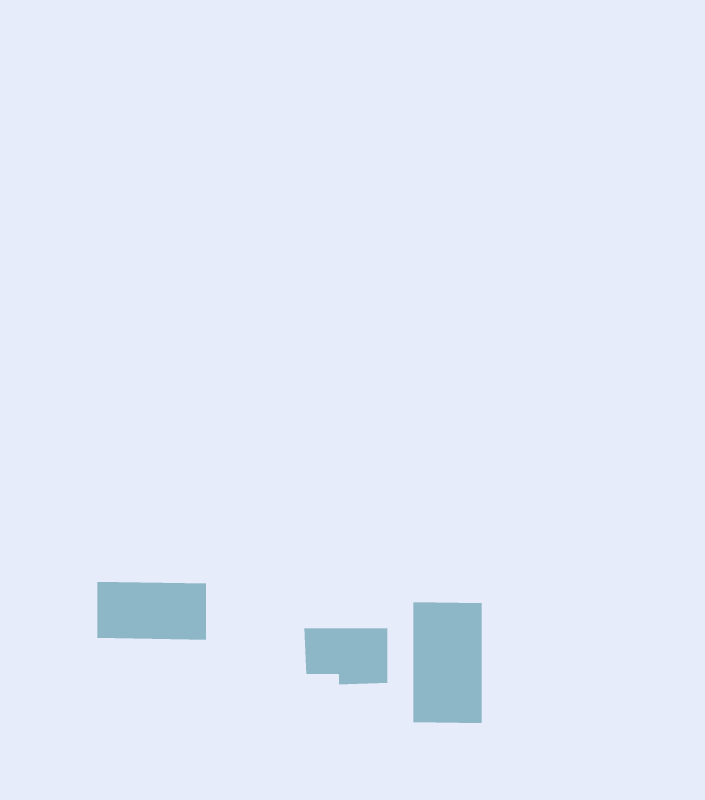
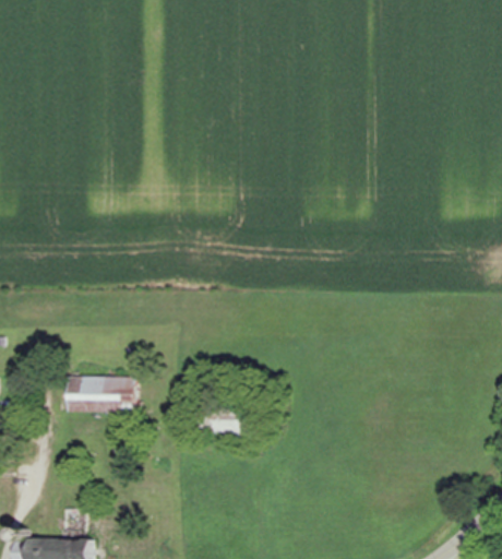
building: [413,601,482,724] -> none

